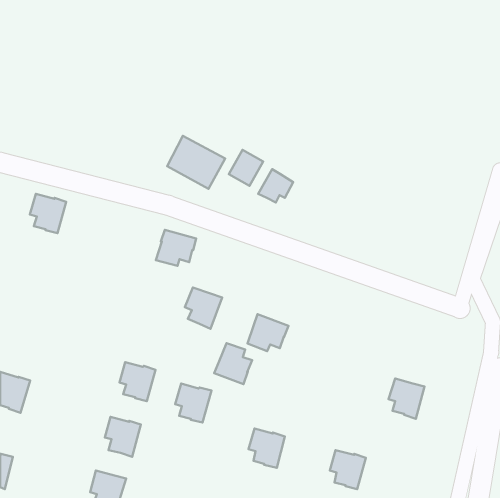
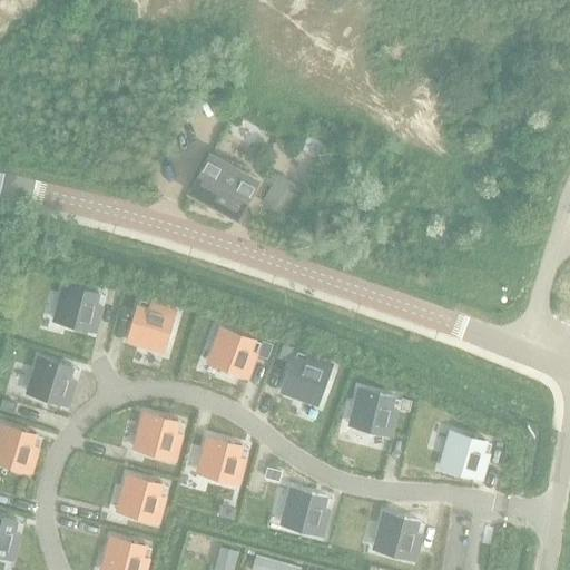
building: [258,169,293,202] -> none
building: [30,194,66,233] -> [56,286,97,331]
building: [156,230,196,266] -> [127,308,173,350]
building: none -> [30,358,71,404]
building: none -> [354,389,396,435]
building: [214,343,252,384] -> none

